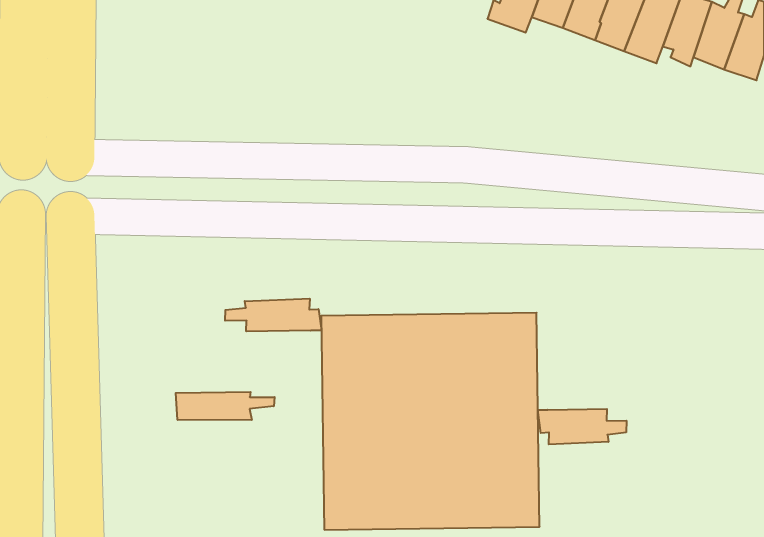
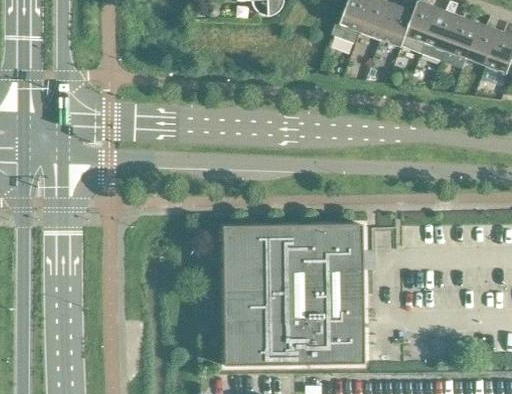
building: [225,299,321,331] -> none
building: [176,392,275,420] -> none
building: [538,409,626,444] -> none

